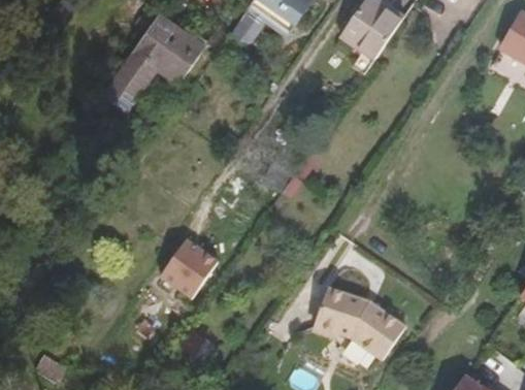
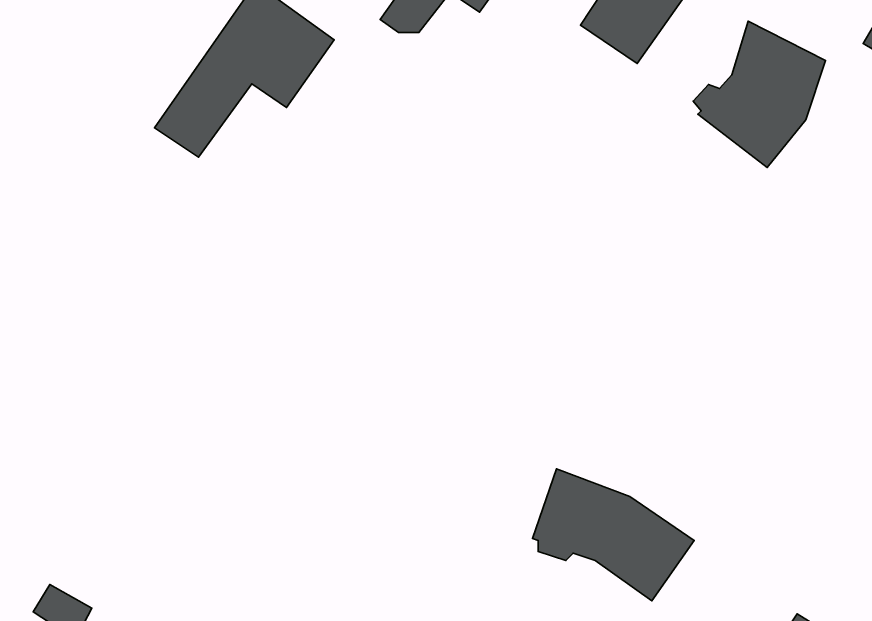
building: none -> [693,21,825,167]
building: [160,233,221,296] -> none

